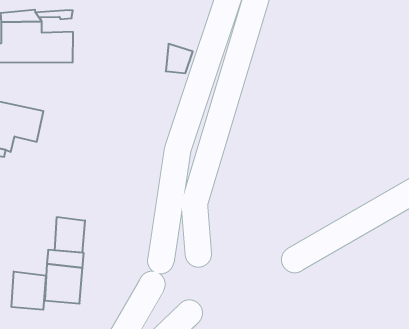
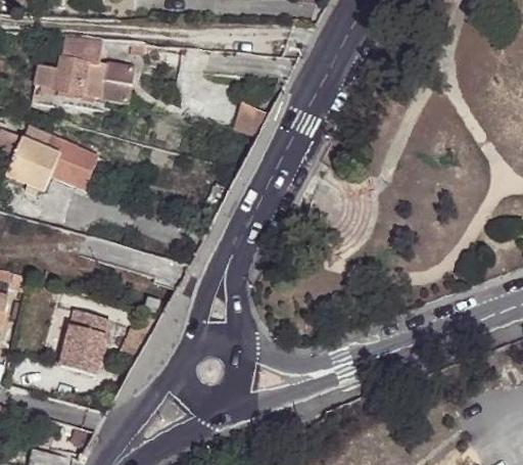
building: [55,217,85,253] -> none
building: [12,271,46,310] -> none

